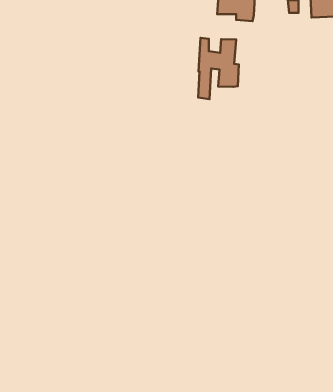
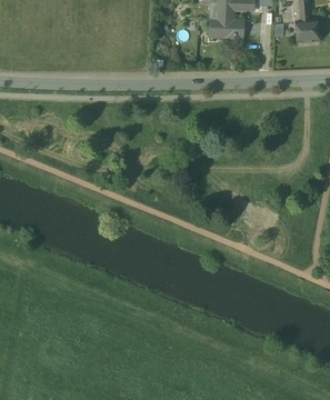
building: [198,38,239,99] -> none

